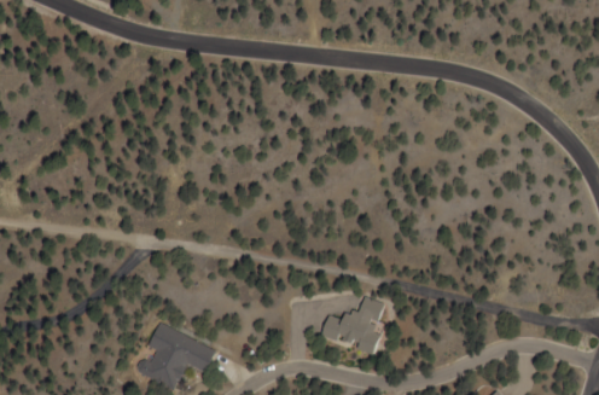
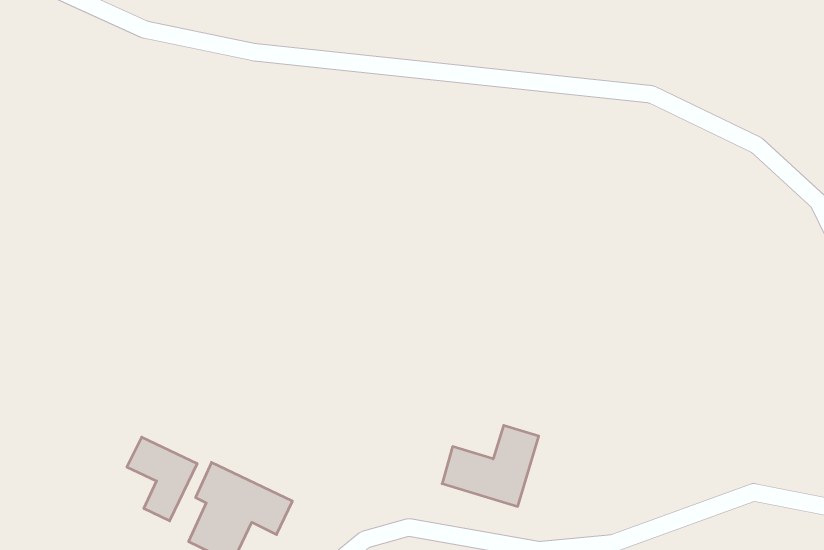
building: none -> [127,437,197,521]

